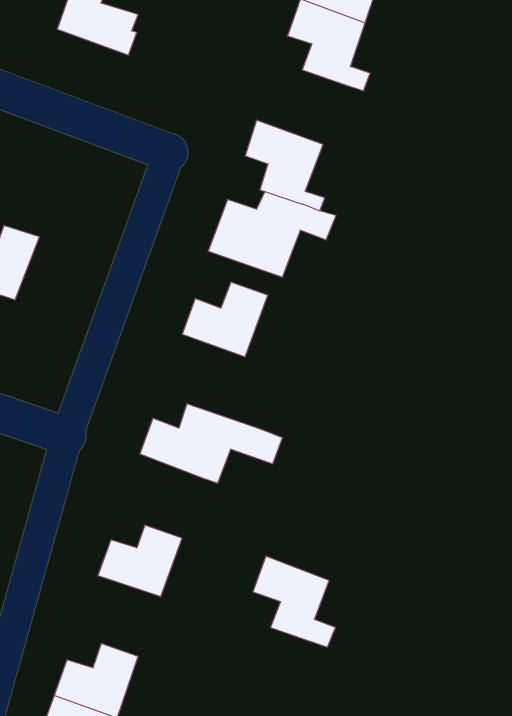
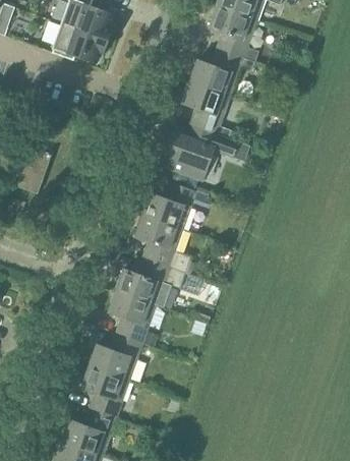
building: none -> [52,23,107,62]
building: none -> [187,49,254,96]
building: none -> [133,215,193,275]
building: [253,556,335,647] -> [106,290,158,347]
building: none -> [79,366,127,417]

